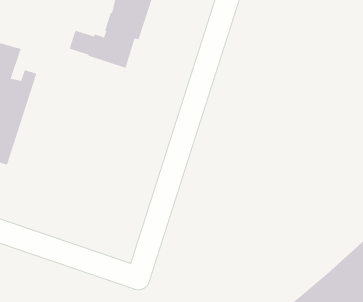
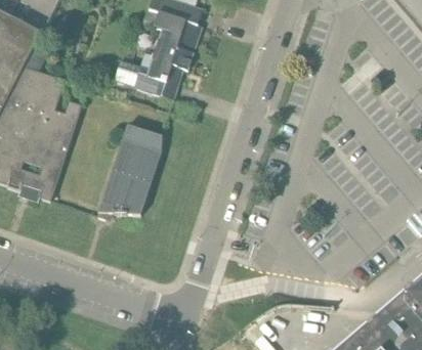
building: none -> [97,125,163,219]

